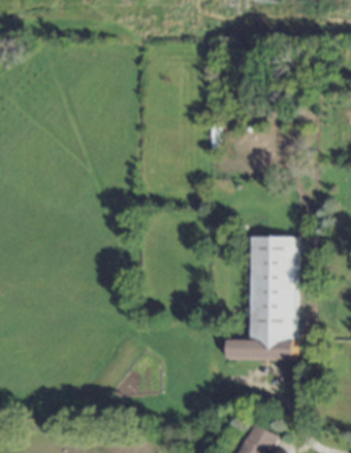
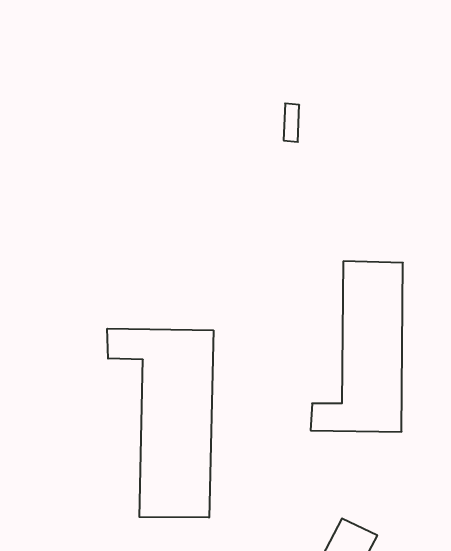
building: none -> [107,329,213,518]

